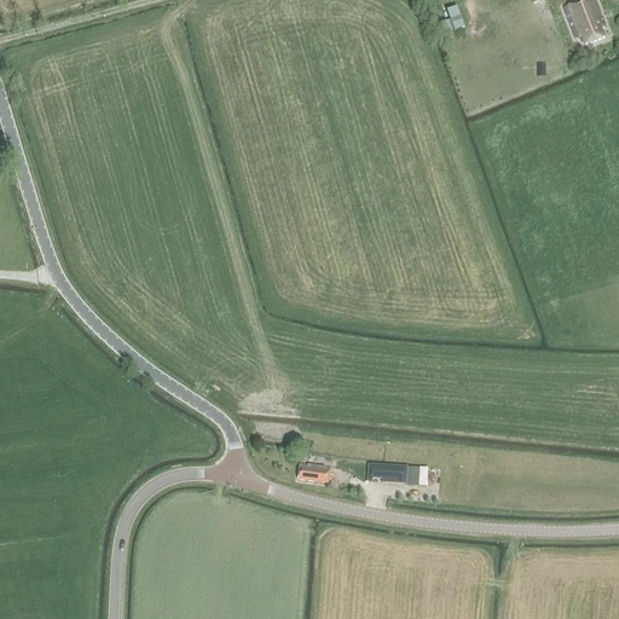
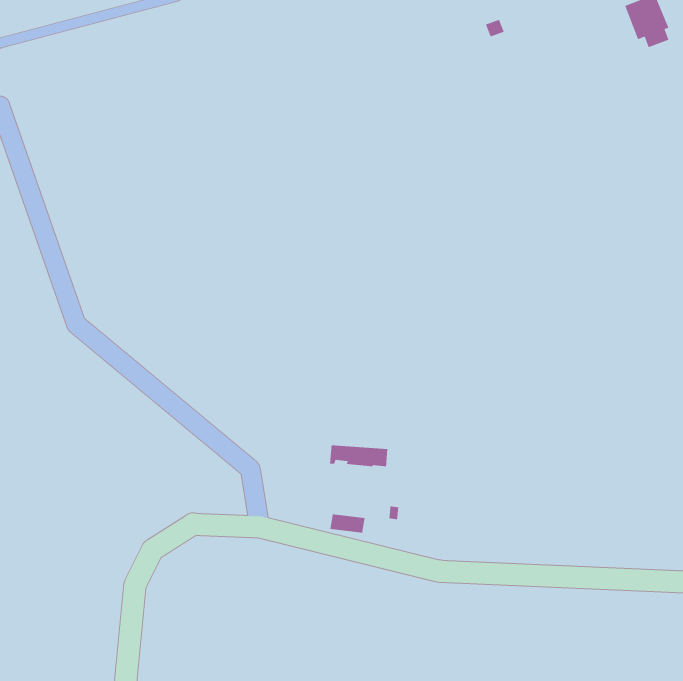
building: [368,462,421,482] -> [329,444,388,467]

